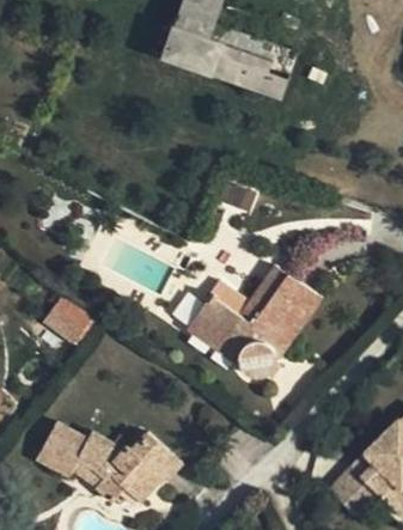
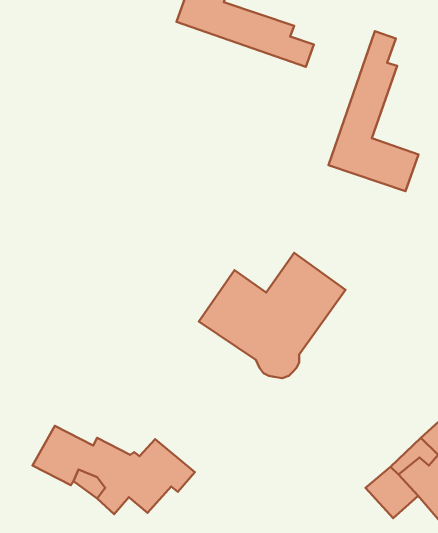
building: none -> [328,31,419,191]
building: [41,297,92,346] -> none

